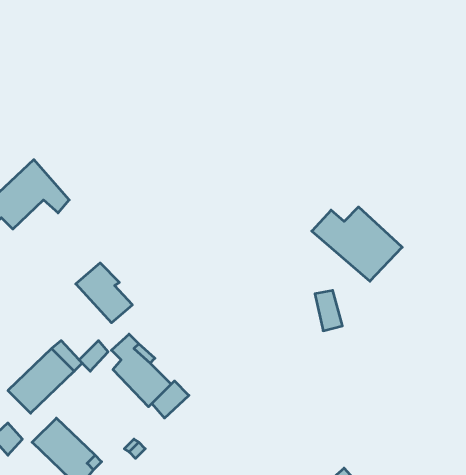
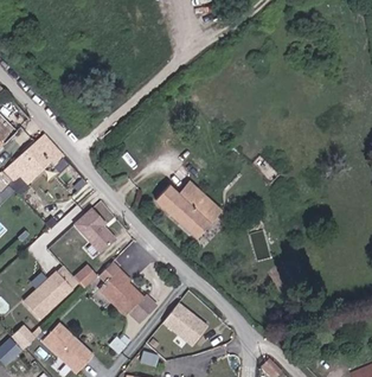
building: [312,207,402,281] -> [153,183,219,237]
building: none -> [161,302,206,346]

